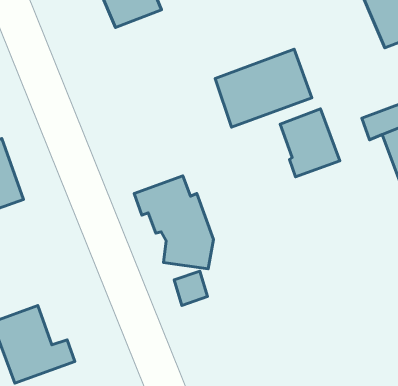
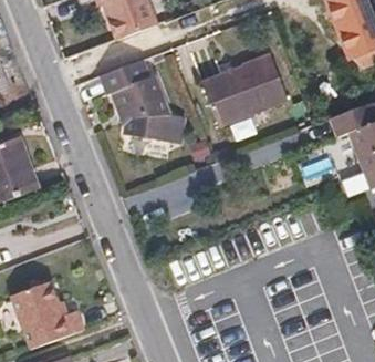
building: [280,109,340,177] -> none
building: [134,176,213,269] -> [101,60,169,141]

